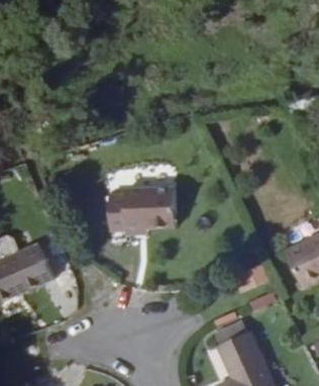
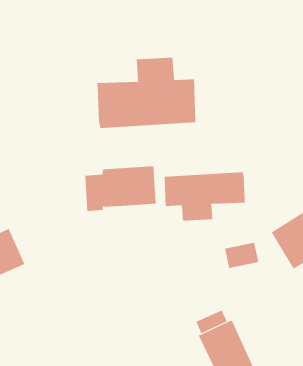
building: none -> [96,57,196,129]
building: none -> [164,171,246,221]

